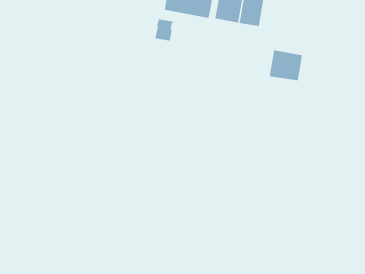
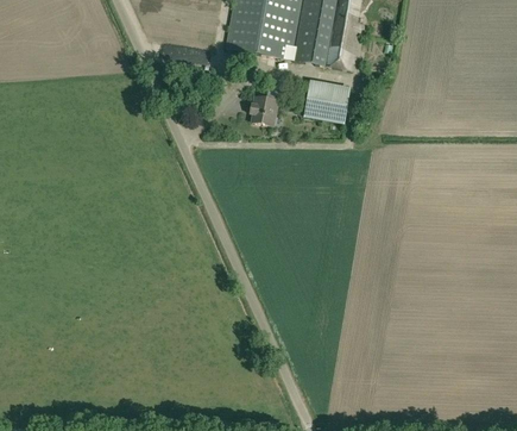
building: [155,19,174,41] -> [250,94,276,124]
building: [269,50,303,81] -> [303,79,348,120]

